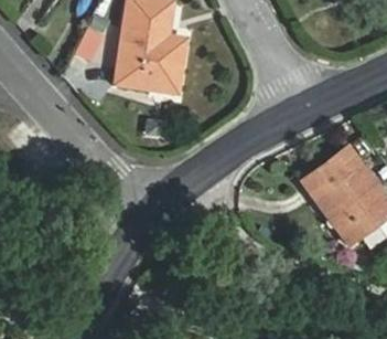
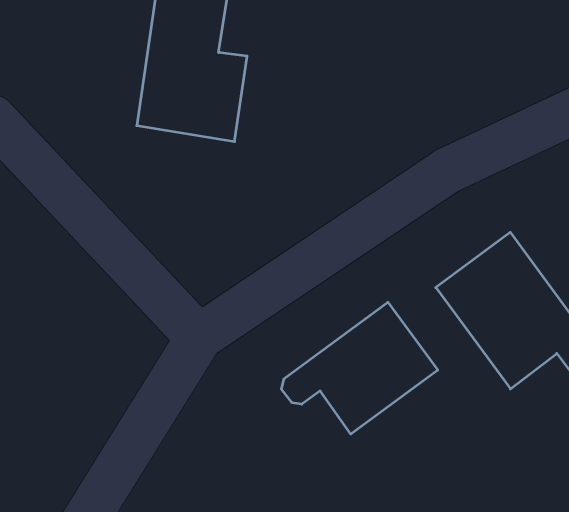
building: none -> [281,302,438,434]

